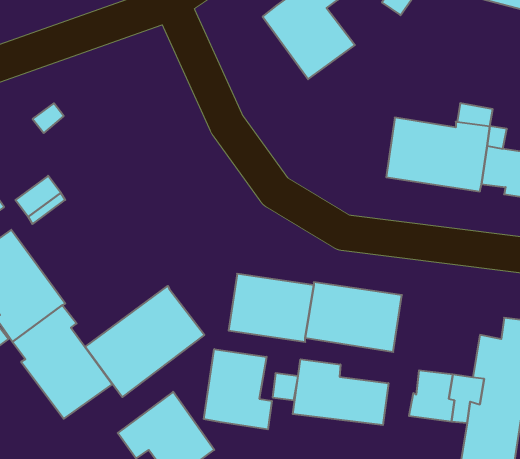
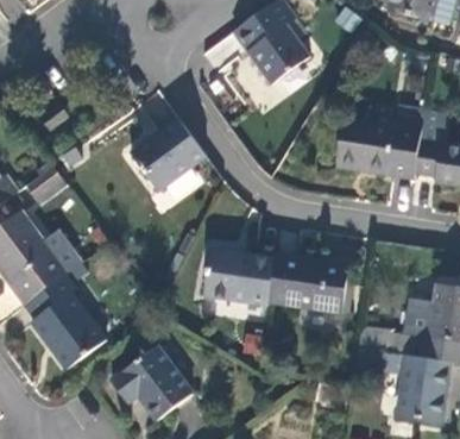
building: none -> [130,117,206,190]
building: [85,286,204,397] -> none
building: [204,349,272,429] -> none
building: [293,359,388,425] -> none

